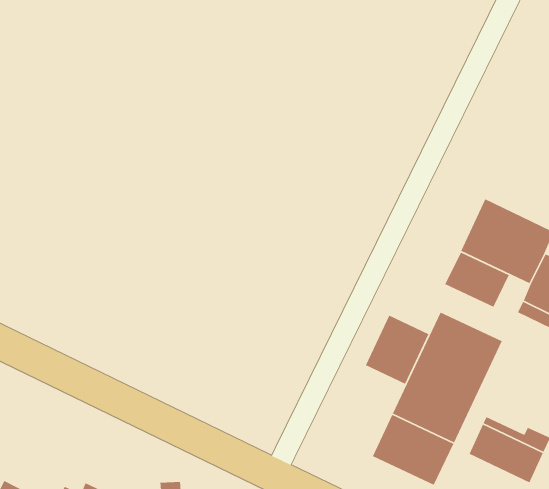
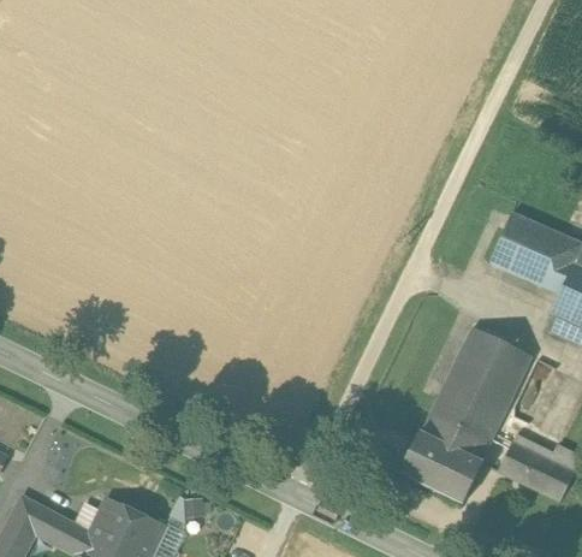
building: [444,251,510,308] -> none
building: [365,315,430,385] -> none

